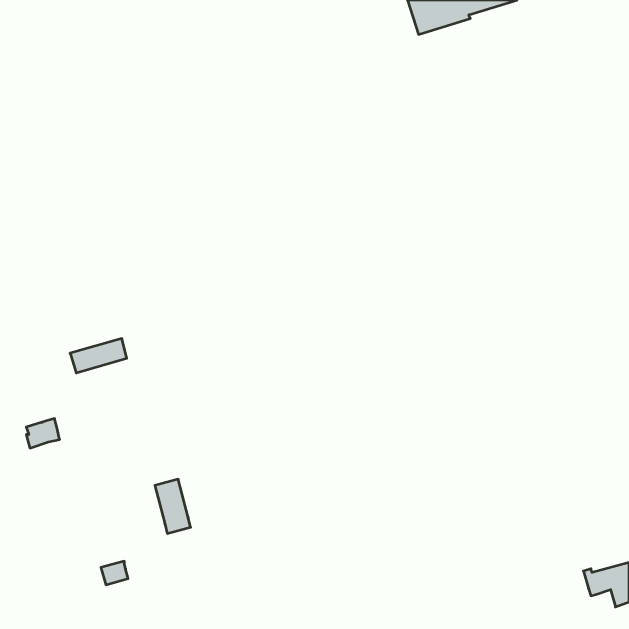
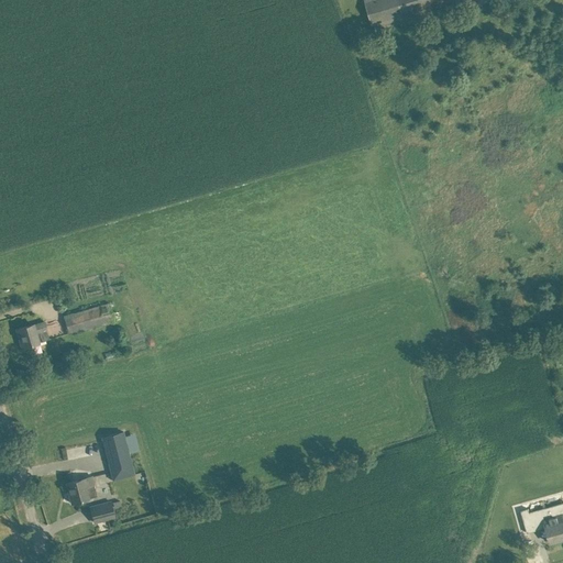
building: [26,419,60,448] -> [19,321,48,347]
building: [155,479,191,533] -> [102,431,134,479]
building: none -> [68,476,97,503]

